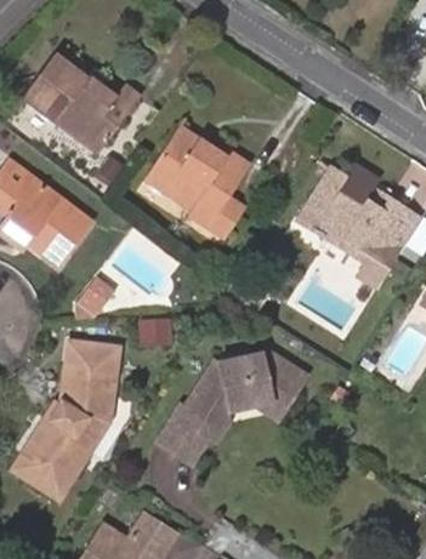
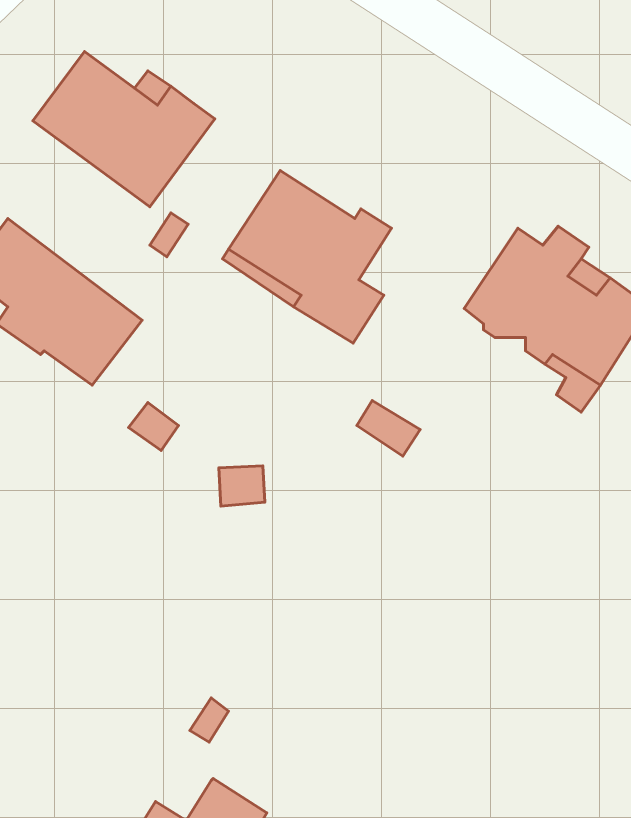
building: [15,341,120,500] -> none
building: [157,349,307,462] -> none

